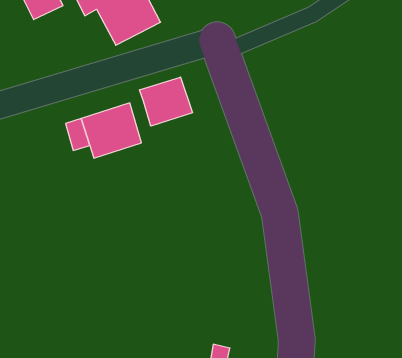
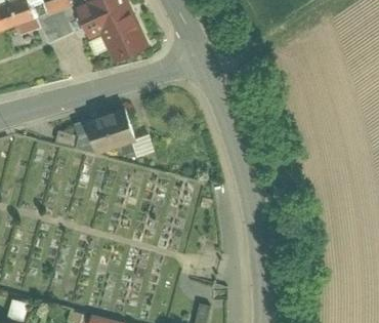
building: [140,77,193,126] -> none

